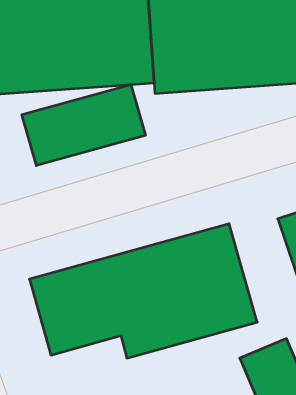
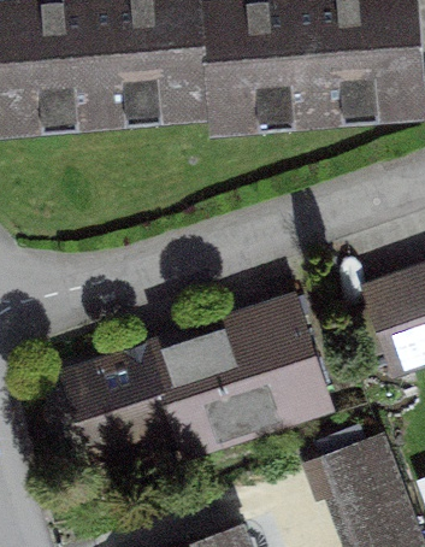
building: [22,84,145,166] -> none

